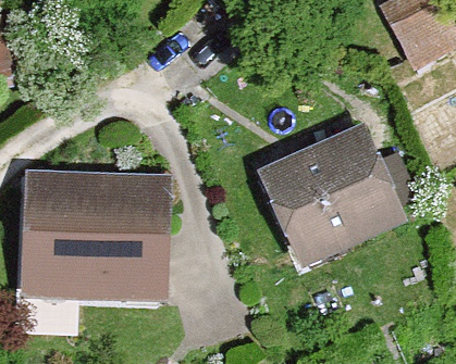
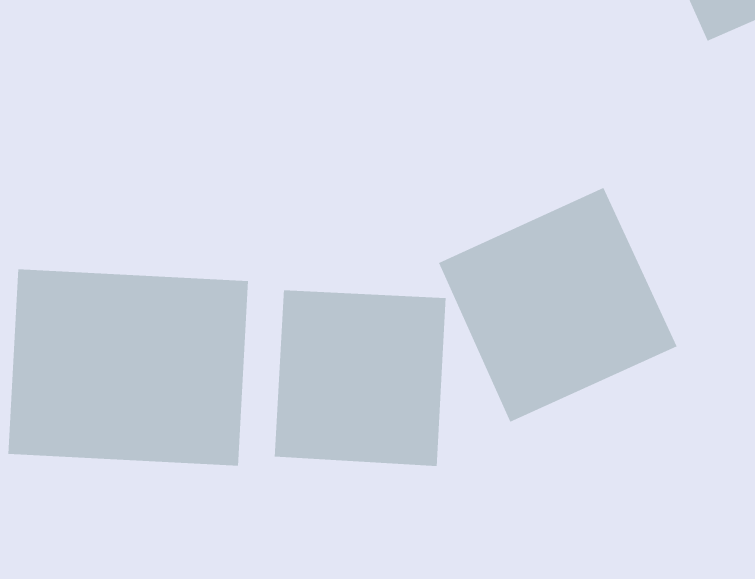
building: none -> [274,290,446,467]

